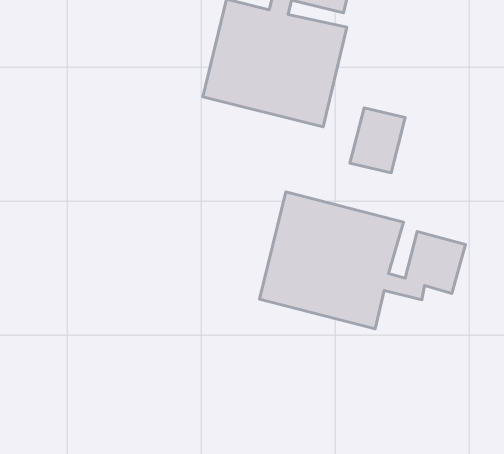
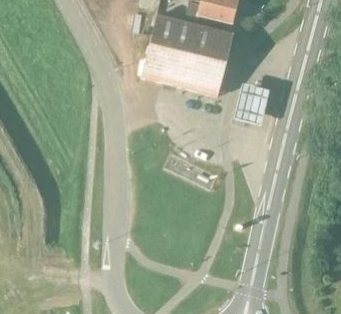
building: [259,192,465,329] -> none

